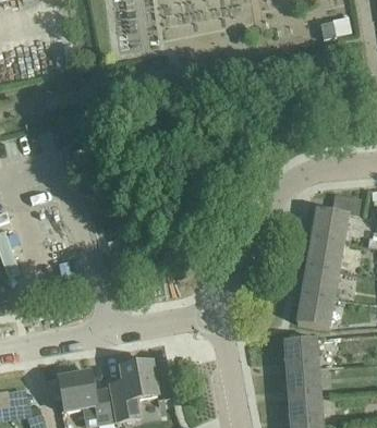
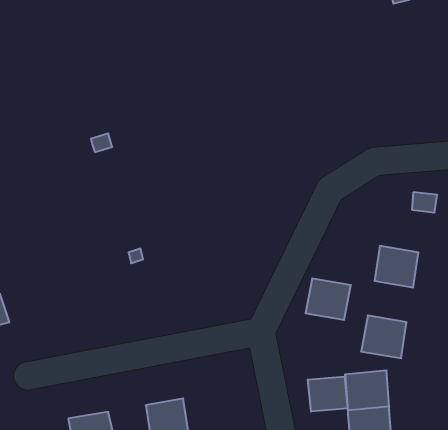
building: [313,208,350,242] -> none
building: [303,265,340,298] -> [305,278,351,320]
building: none -> [308,376,348,412]

